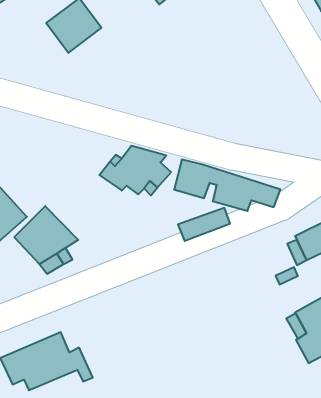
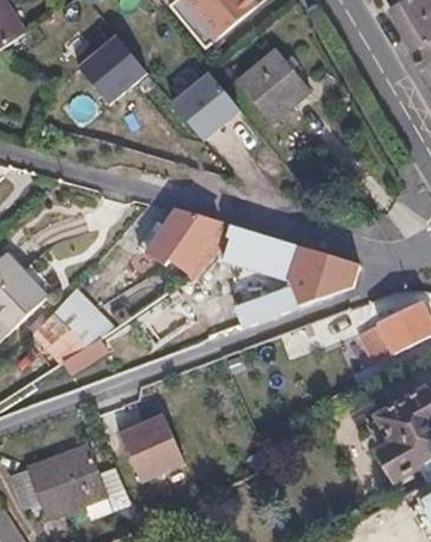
building: none -> [237,47,309,120]
building: none -> [172,71,241,138]
building: none -> [119,416,184,483]

